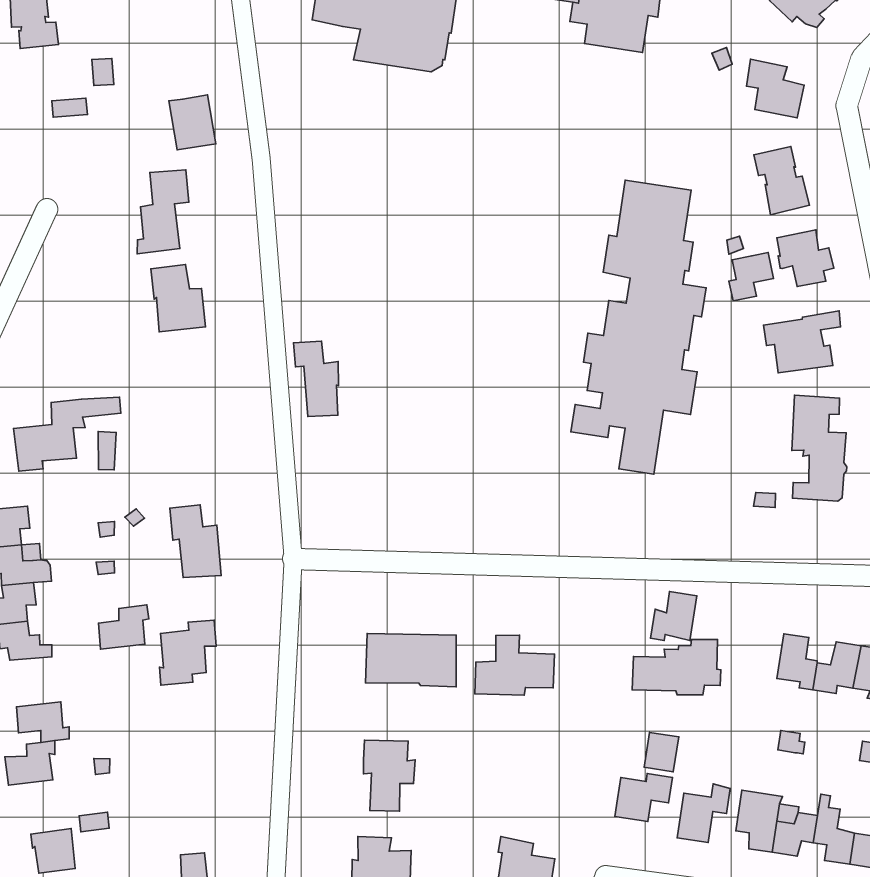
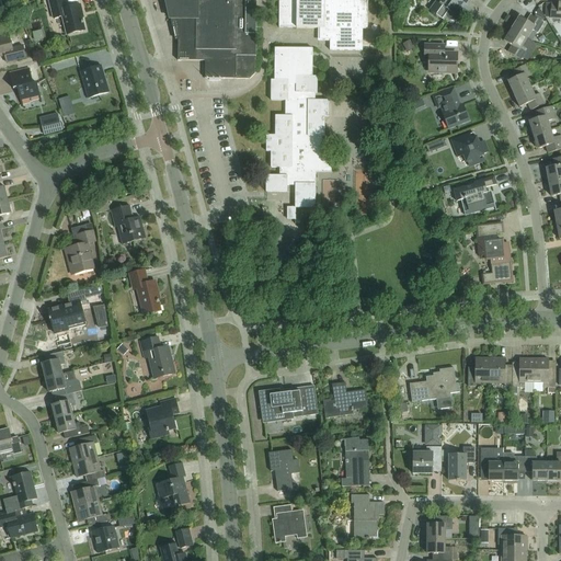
building: [169,95,216,150] -> [79,64,108,96]
building: [137,170,189,254] -> [68,222,94,273]
building: [571,180,706,474] -> [265,46,330,206]
building: [729,252,773,301] -> none
building: [293,341,338,416] -> [128,270,159,312]
building: [651,592,697,640] -> [468,357,490,385]
building: [99,605,149,649] -> [69,434,96,462]
building: none -> [154,461,190,505]
building: none -> [341,436,368,485]
building: none -> [75,500,106,524]

